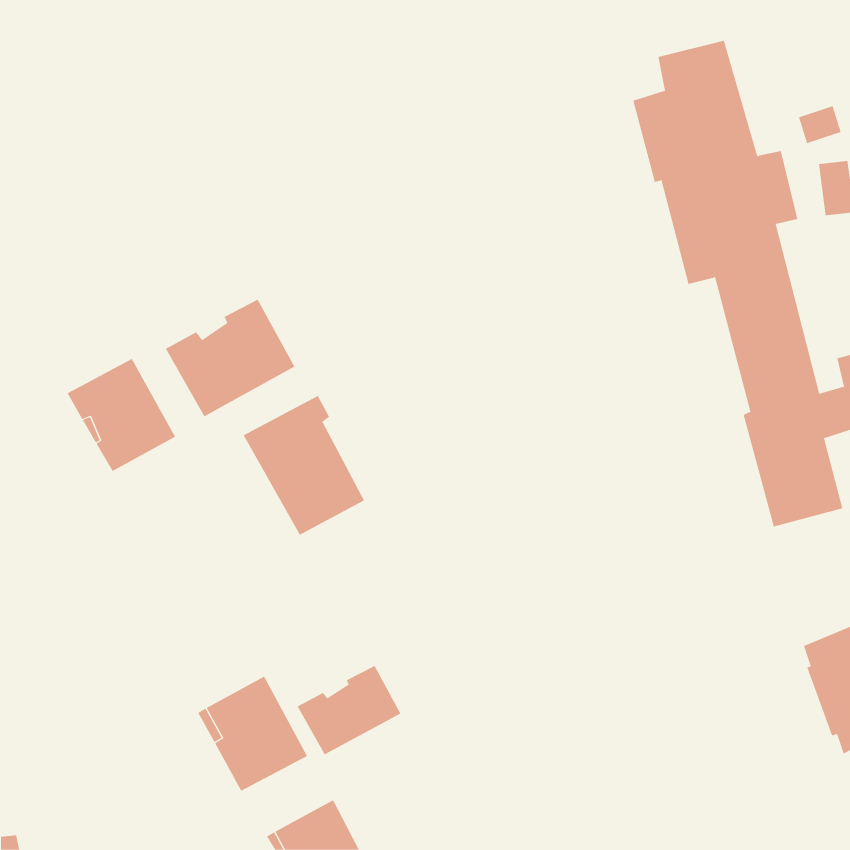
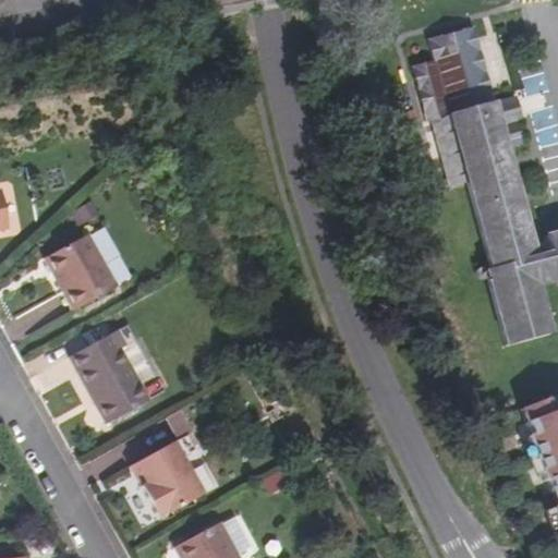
building: [165,299,295,417] -> none
building: [243,395,365,536] -> [71,329,150,421]
building: [297,665,401,755] -> none

